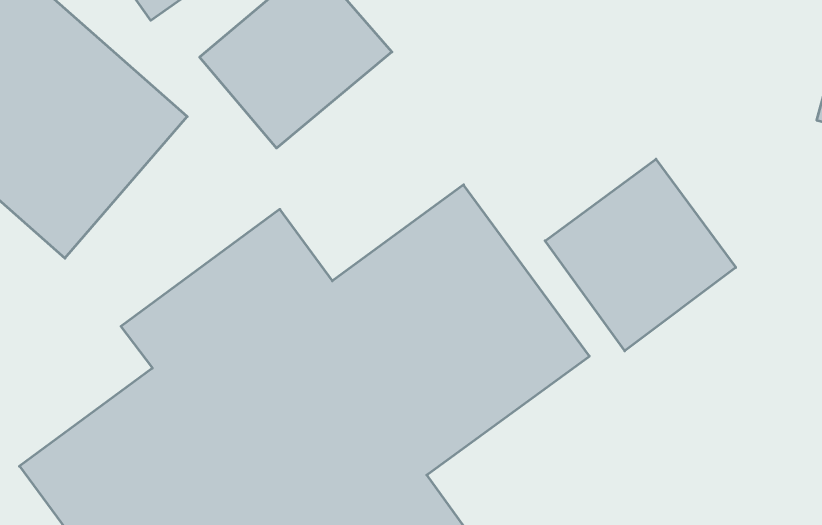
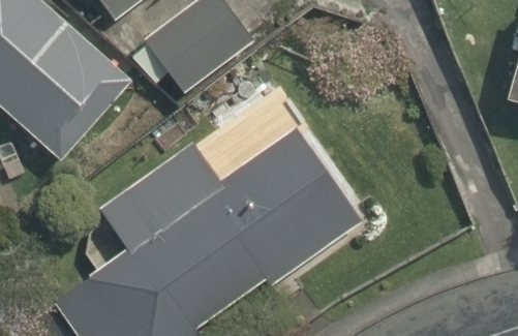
building: [545,159,736,351] -> none

